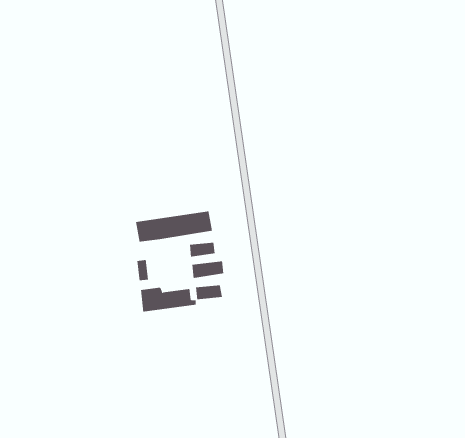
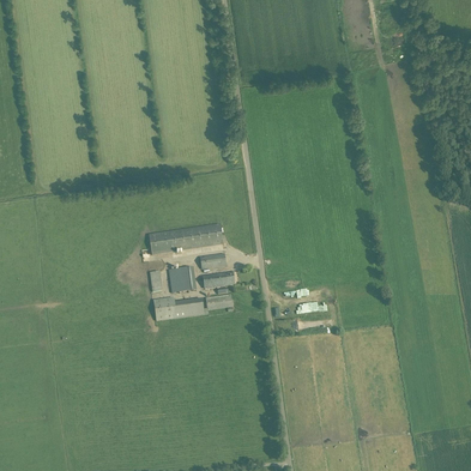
building: none -> [169,265,195,291]

